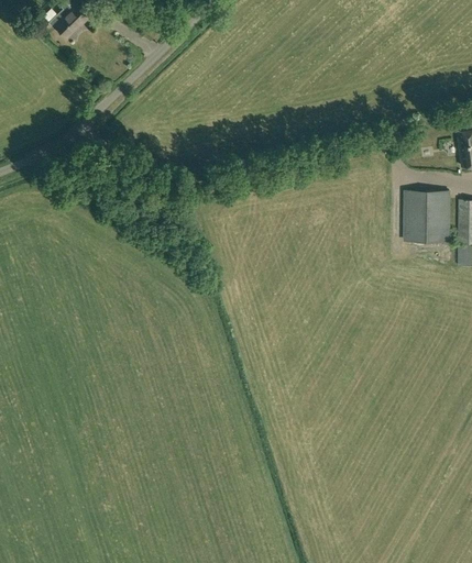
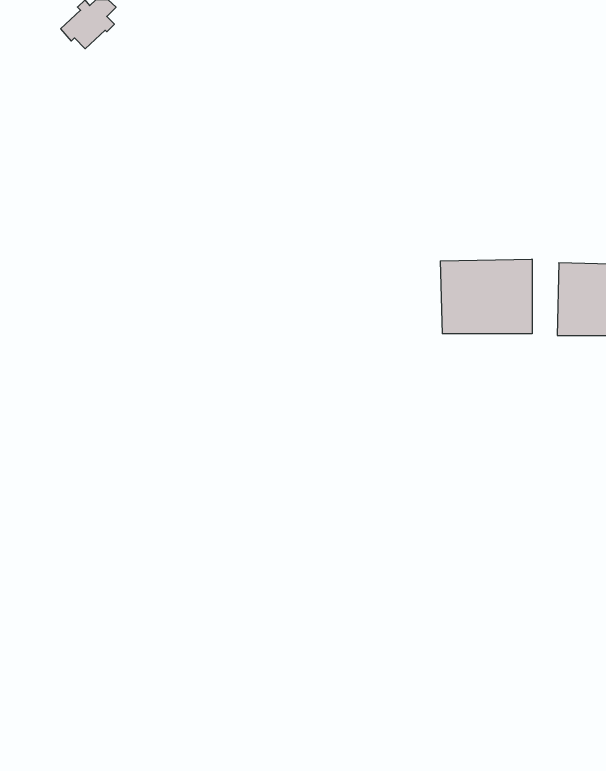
building: none -> [440,259,532,334]

